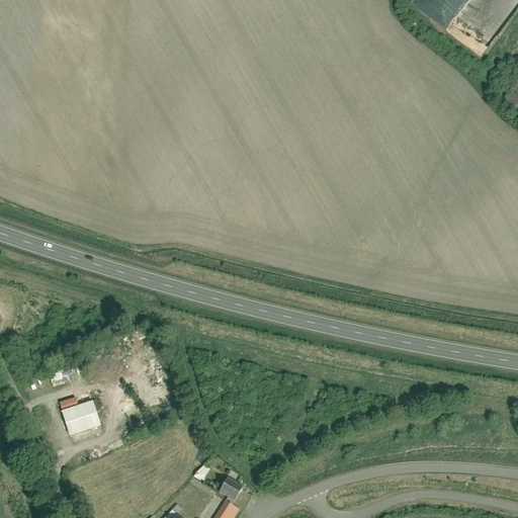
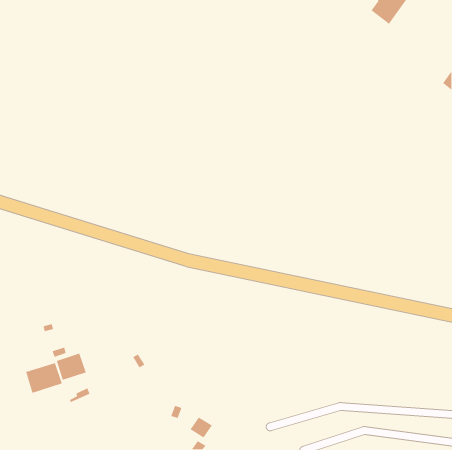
building: none -> [25,362,63,394]

